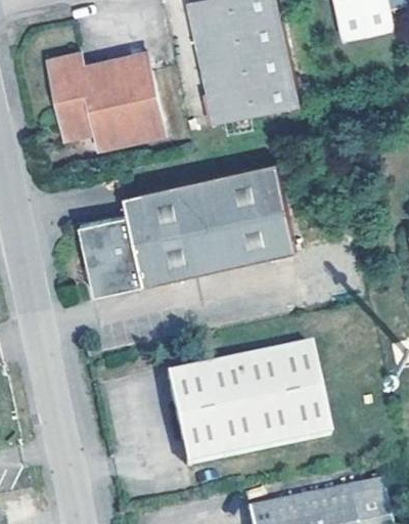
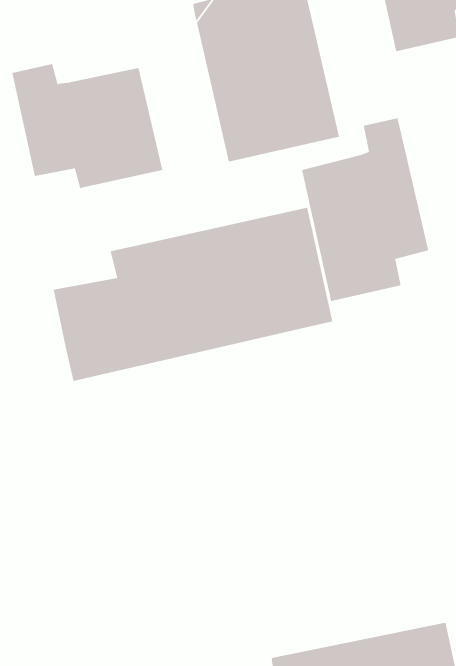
building: none -> [301,117,429,302]
building: [164,344,329,468] -> none

